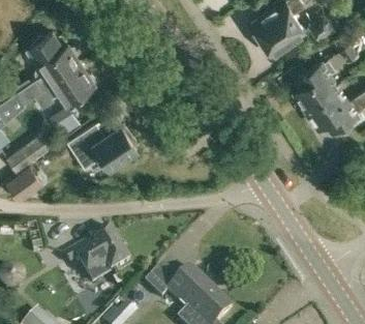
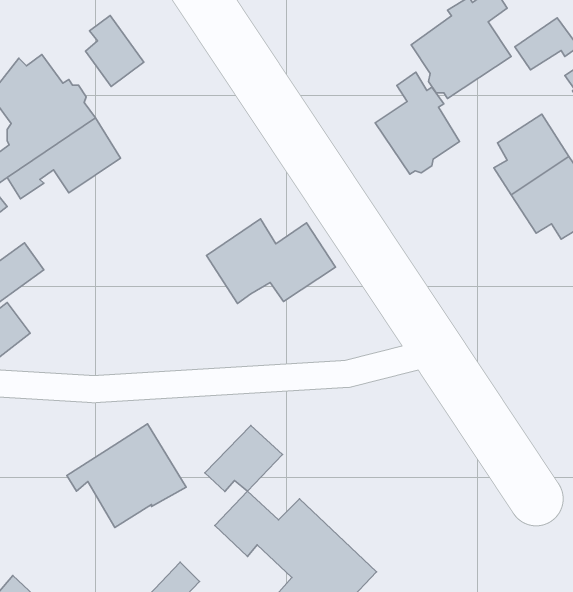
building: none -> [85,15,144,86]
building: none -> [375,72,460,174]
building: [67,122,136,168] -> [207,219,335,304]
building: none -> [205,425,282,492]

